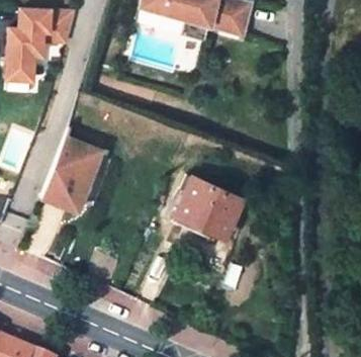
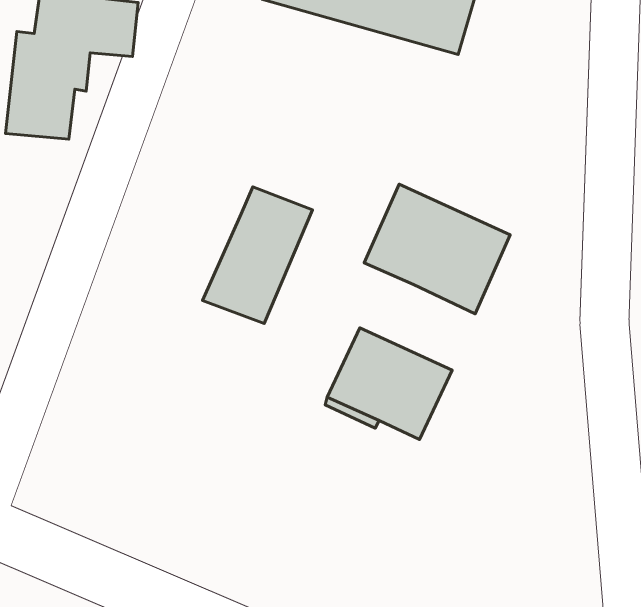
building: none -> [364,184,510,314]
building: [42,138,100,209] -> [203,187,312,324]

